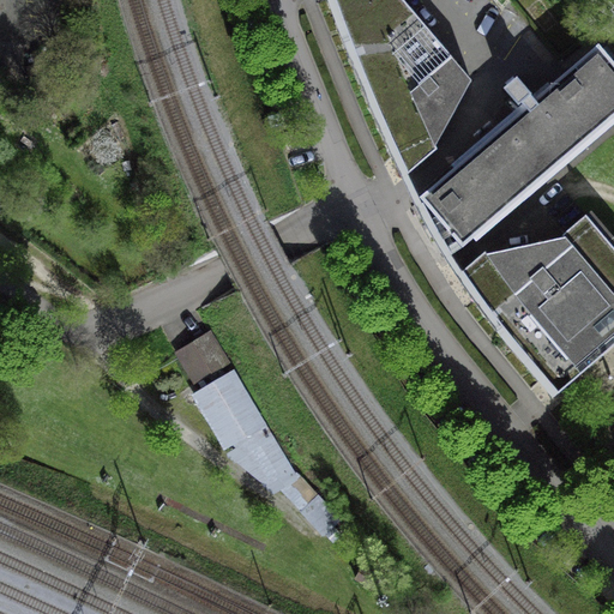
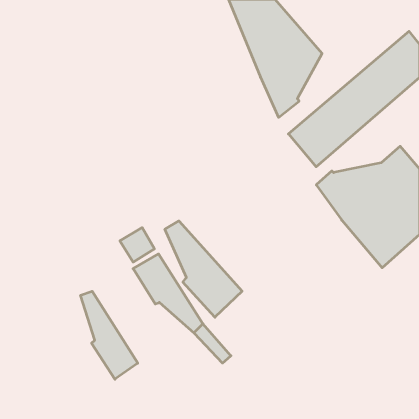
building: none -> [165,221,242,317]
building: none -> [81,291,138,379]

